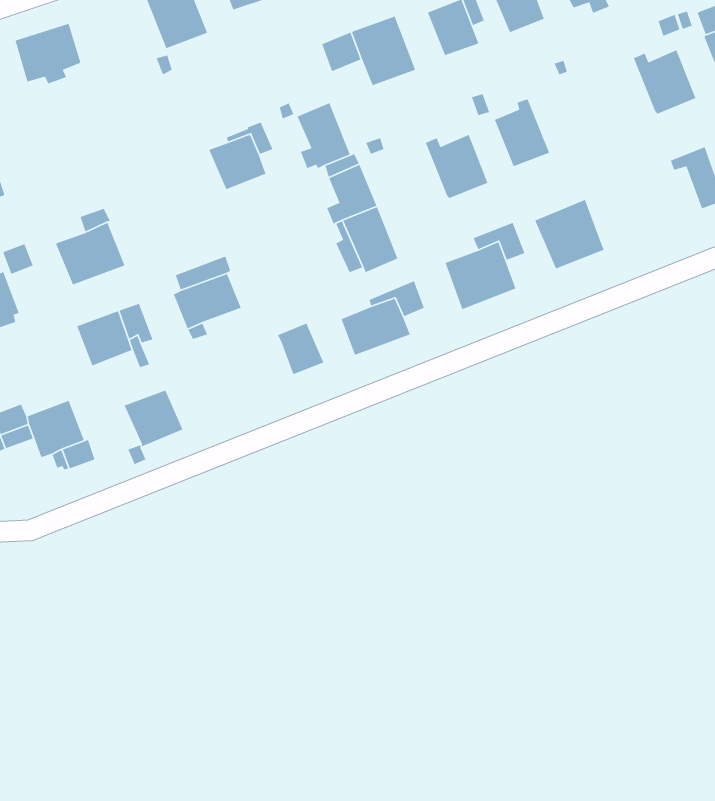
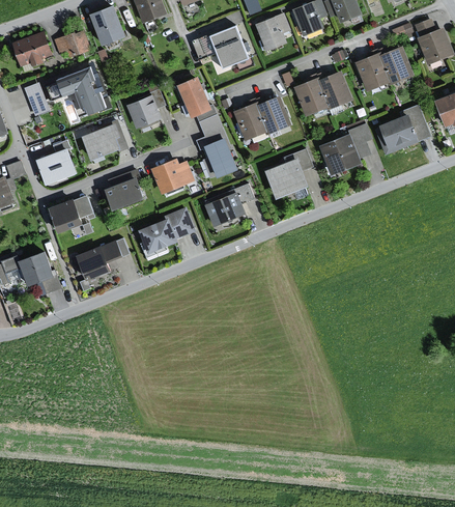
building: none -> [50,27,89,58]
building: none -> [354,50,388,91]
building: none -> [47,66,105,116]
building: none -> [314,71,351,109]
building: none -> [22,82,47,115]
building: none -> [232,100,265,140]
building: none -> [374,115,417,154]
building: none -> [345,122,371,159]
building: none -> [81,123,120,160]
building: none -> [151,158,194,194]
building: none -> [137,218,177,254]
building: none -> [101,236,129,262]

